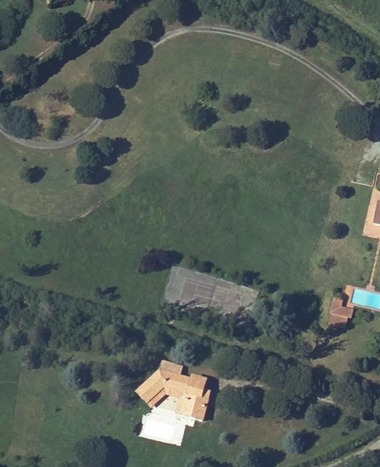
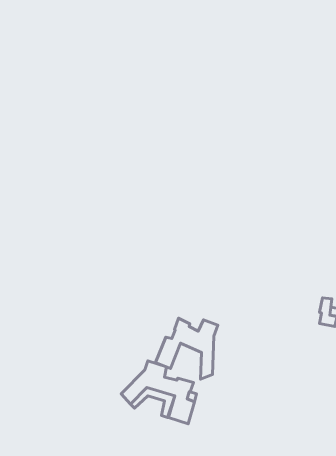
building: none -> [156,318,218,379]

